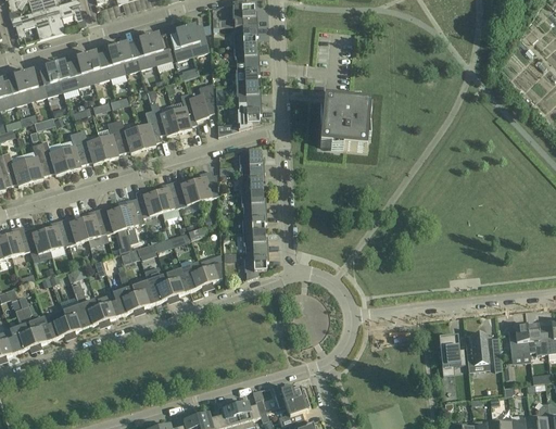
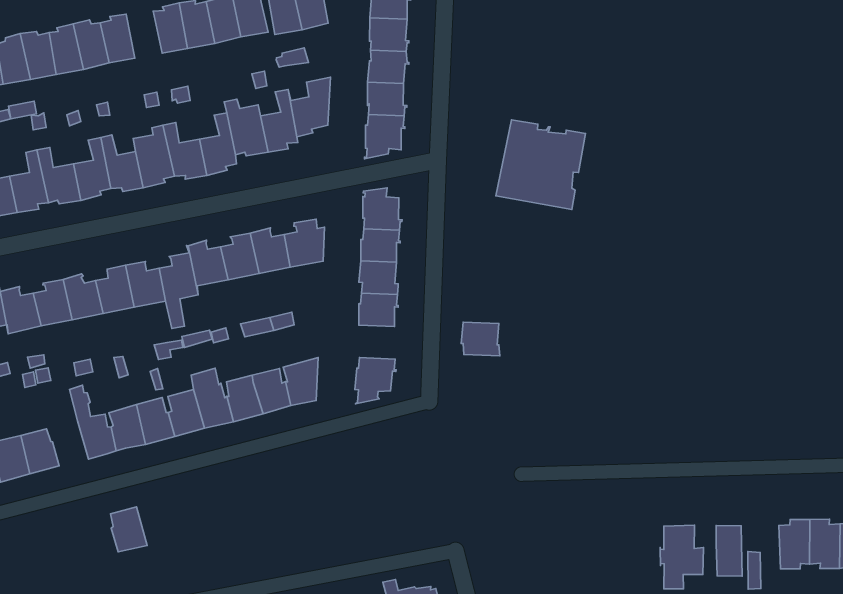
building: [86,51,110,80] -> none
building: [243,229,267,250] -> [461,322,500,356]
building: [63,303,87,331] -> [111,507,147,552]

